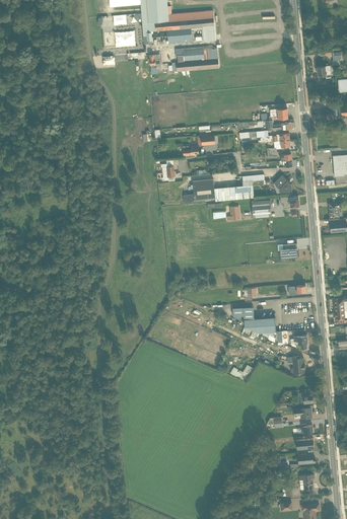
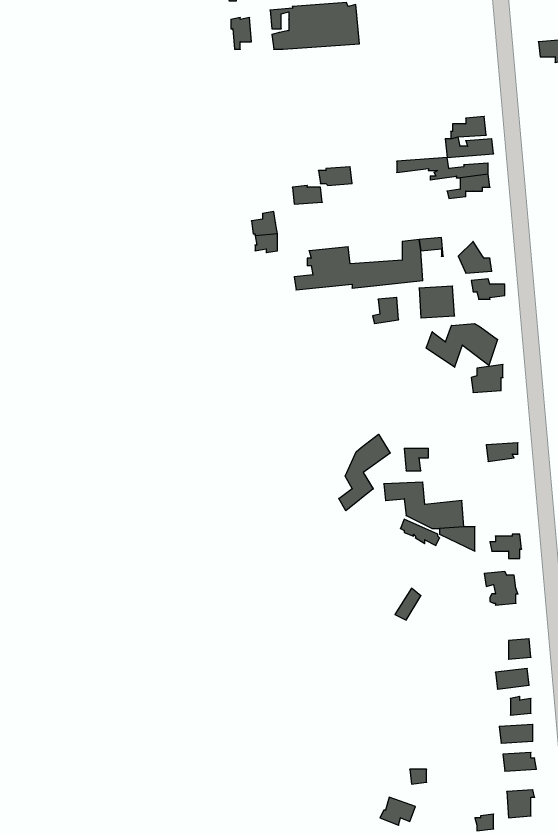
building: none -> [426,324,498,367]
building: none -> [339,434,390,511]

